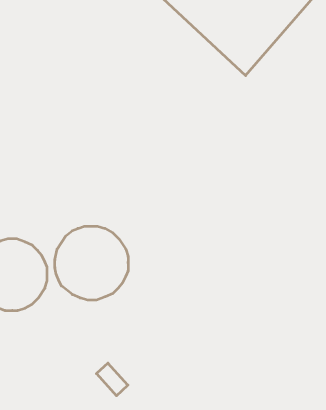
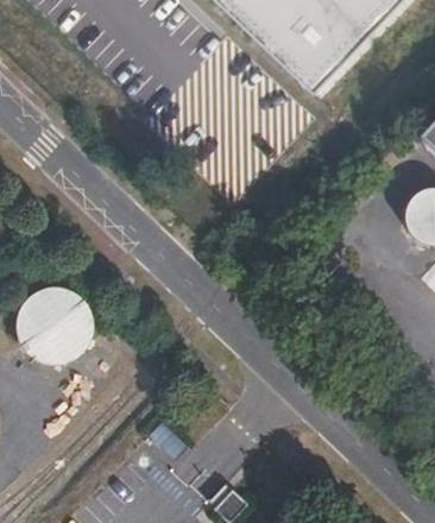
building: [55,226,128,300] -> none

